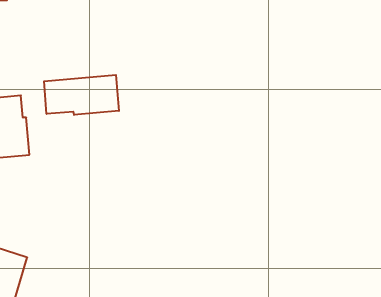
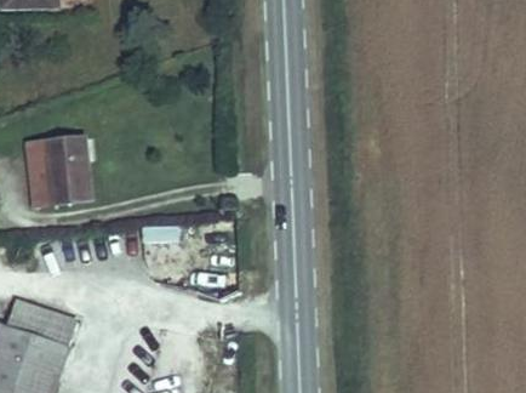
building: [44,75,119,115] -> none

